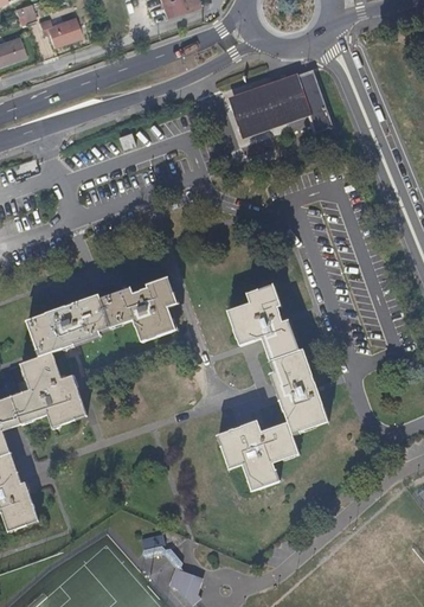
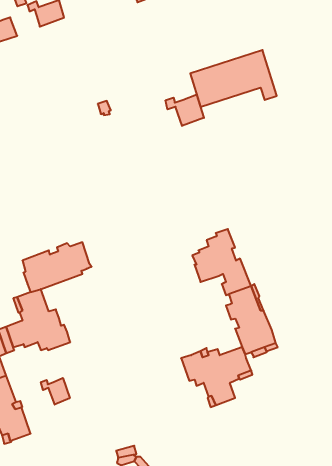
building: none -> [166,95,204,126]
building: [101,276,173,340] -> none
building: none -> [41,378,70,405]

